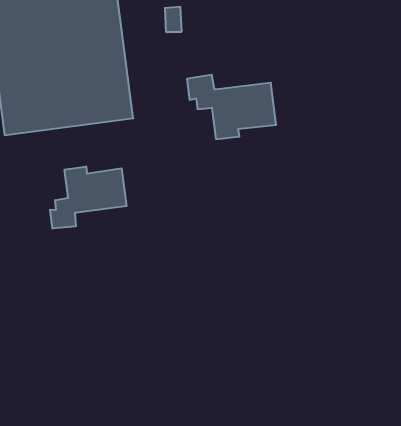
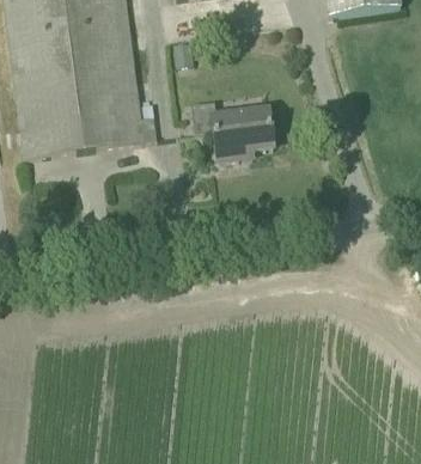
building: [50,166,127,229] -> none

